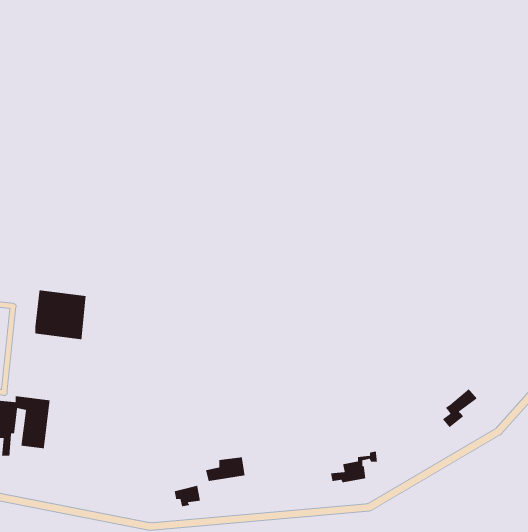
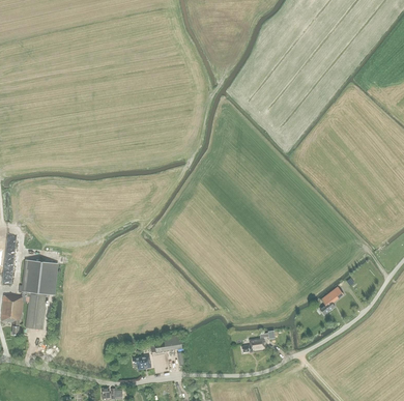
building: [34,289,87,340] -> [22,259,58,294]

